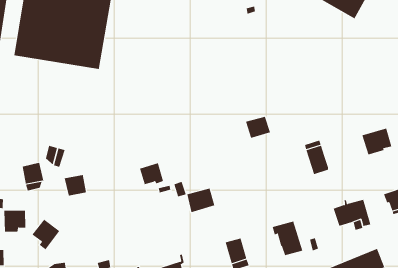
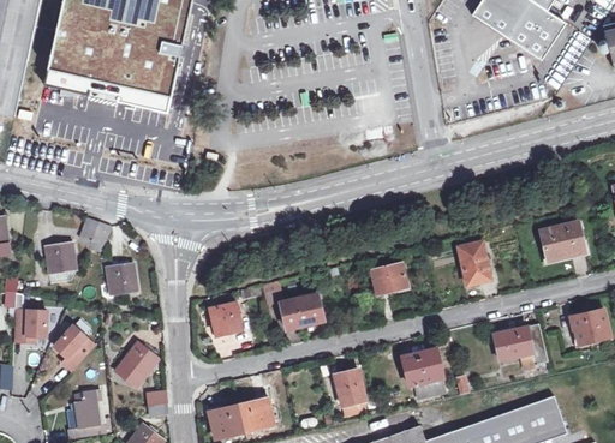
building: [245,116,271,139] -> [370,262,406,293]
building: [139,163,164,185] -> [208,300,243,331]
building: none -> [114,341,157,387]

